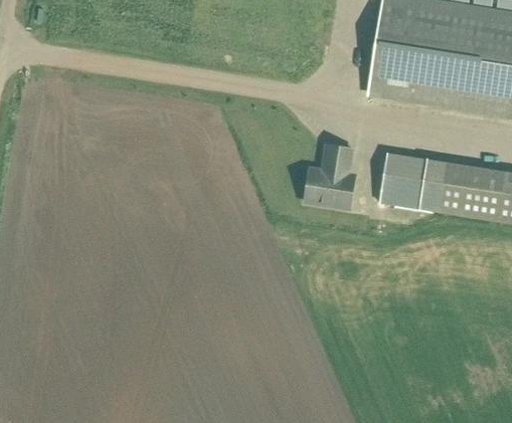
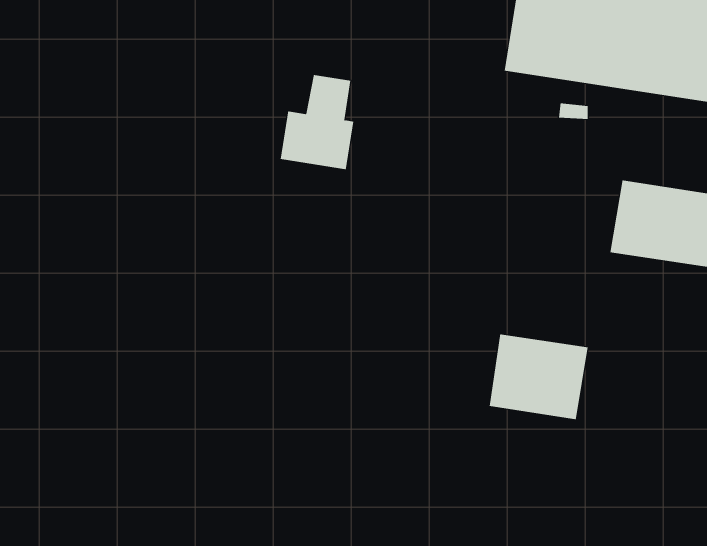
building: [306,143,355,206] -> [280,74,354,170]
building: [380,152,447,209] -> [489,334,589,420]

